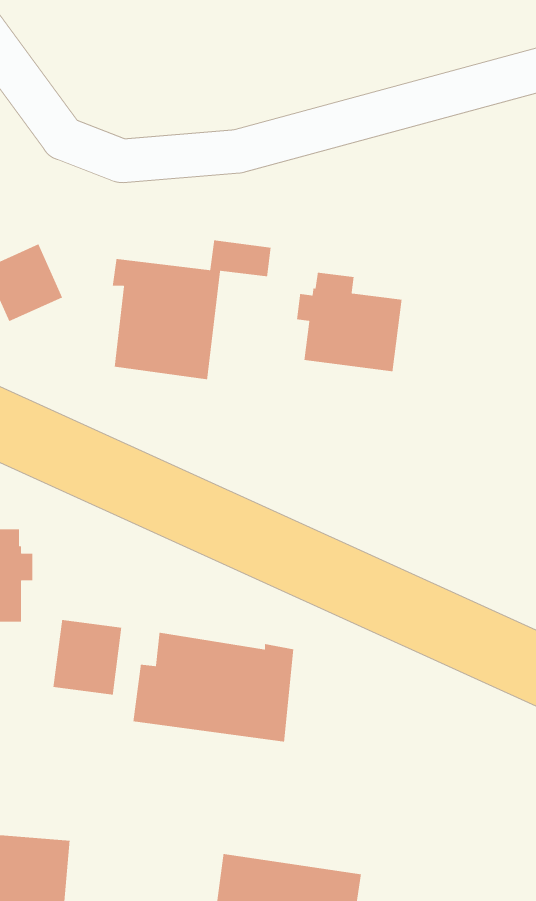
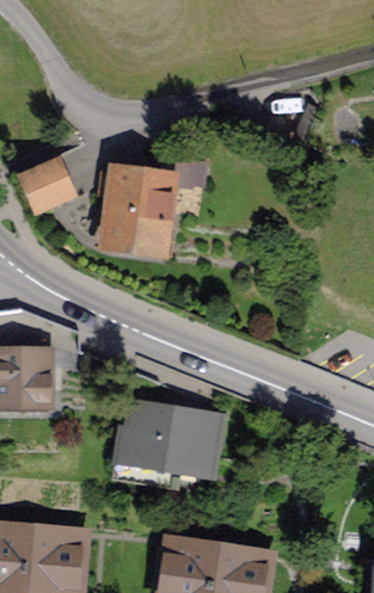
building: [296,272,403,372] -> none
building: [53,619,122,695] -> none

